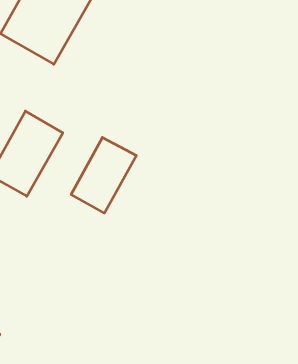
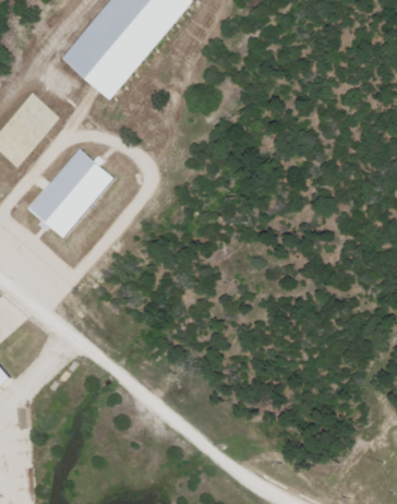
building: [71,137,136,213] -> none

